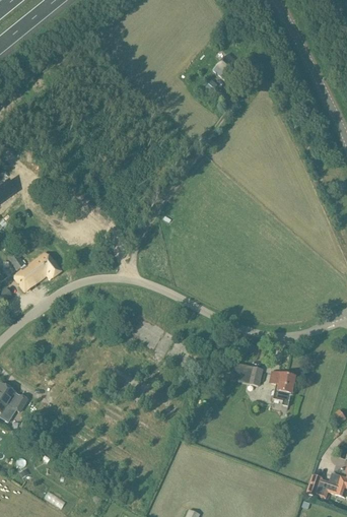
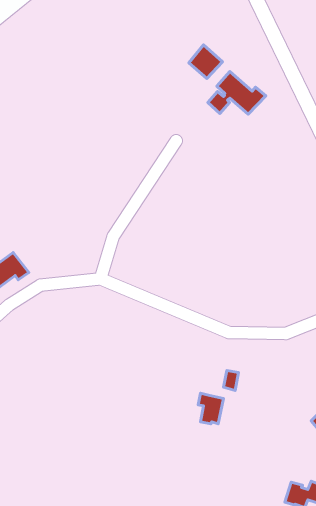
building: none -> [208,71,266,114]
building: [270,370,294,399] -> [198,393,224,424]

